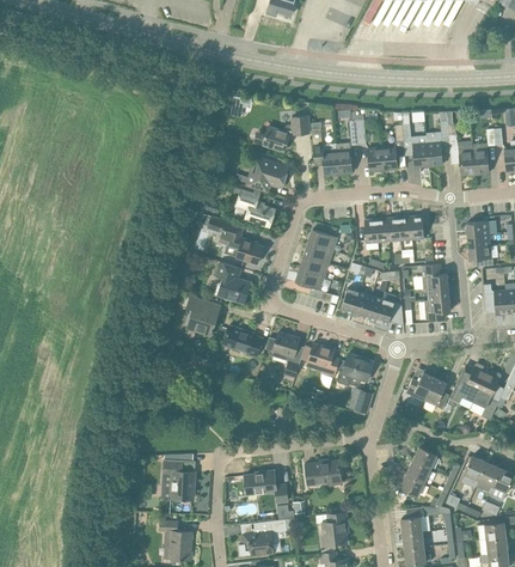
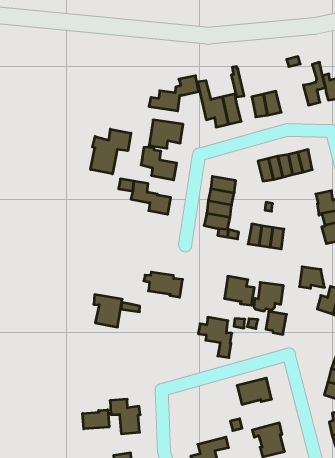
building: [404,136,429,167] -> none
building: none -> [91,129,131,174]
building: [214,261,251,304] -> none
building: [186,297,220,336] -> [94,295,122,327]
building: [376,299,404,325] -> [299,267,325,288]
building: [265,331,302,379] -> [198,317,232,358]
building: none -> [83,410,109,429]
building: [245,470,288,504] -> none

